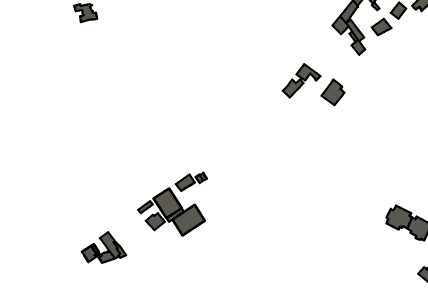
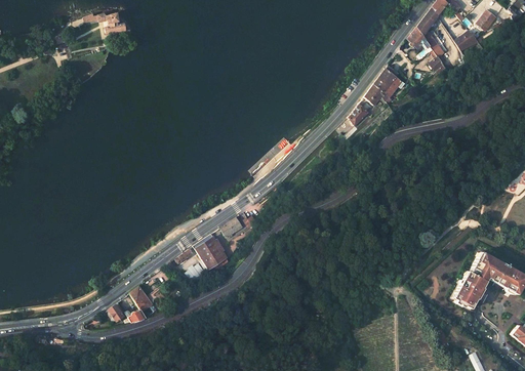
building: [322,80,345,105] -> [374,65,402,95]
building: [172,205,205,235] -> none
building: none -> [455,274,487,310]

